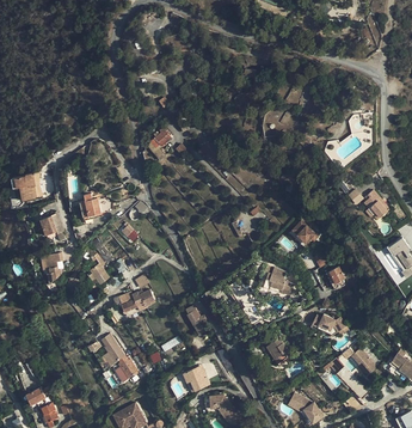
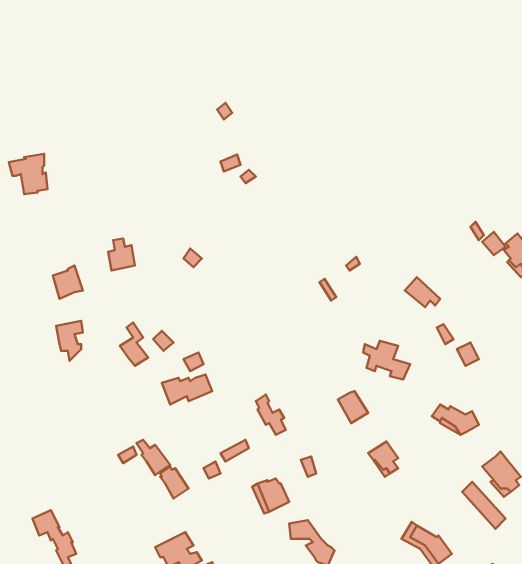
building: [14,172,42,201] -> [9,154,48,194]

